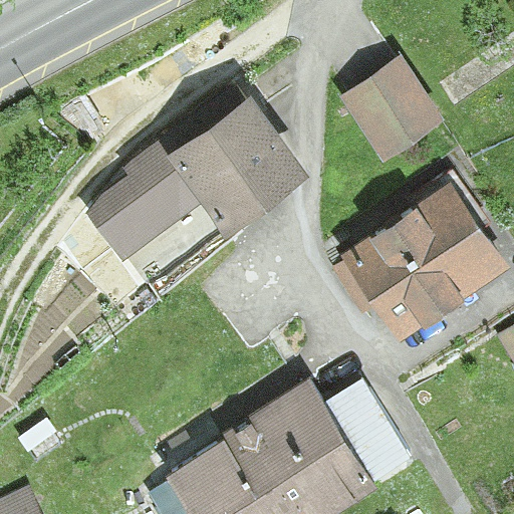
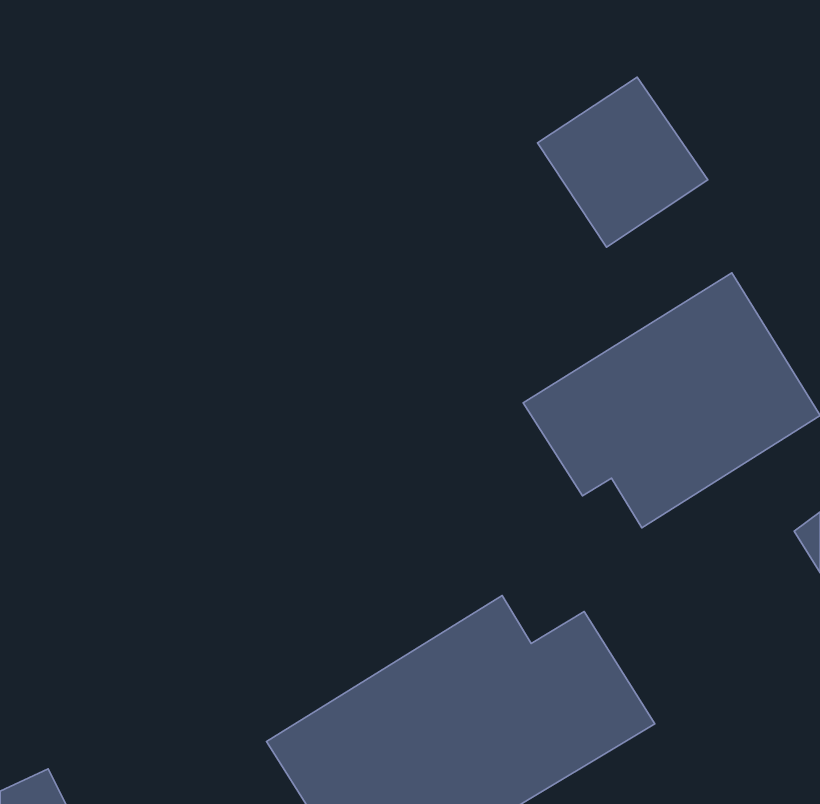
building: [81,91,309,268] -> none

